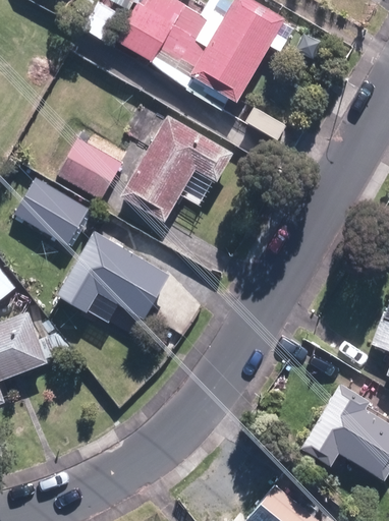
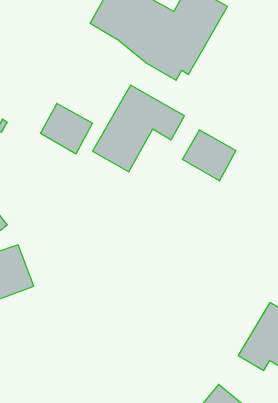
building: none -> [182,130,236,181]
building: [12,176,90,246] -> none
building: [56,230,169,319] -> none

